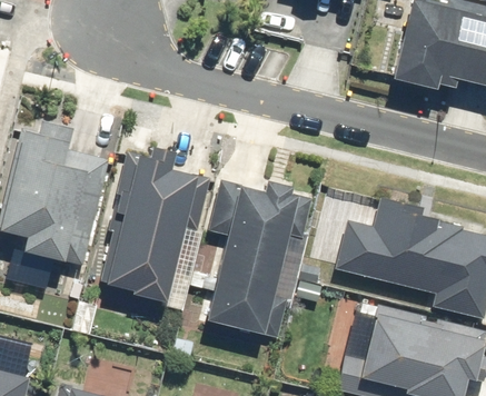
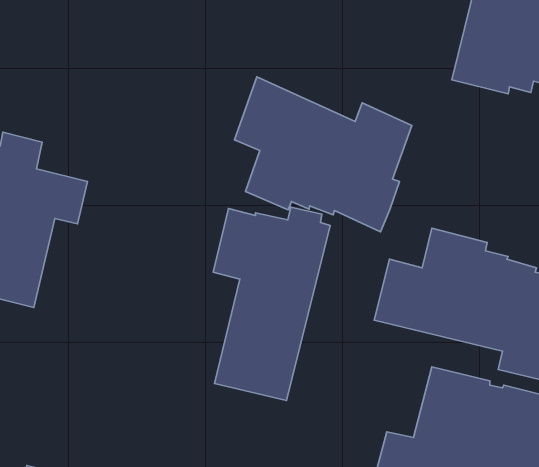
building: none -> [235,77,412,232]
building: [101,145,210,301] -> none

